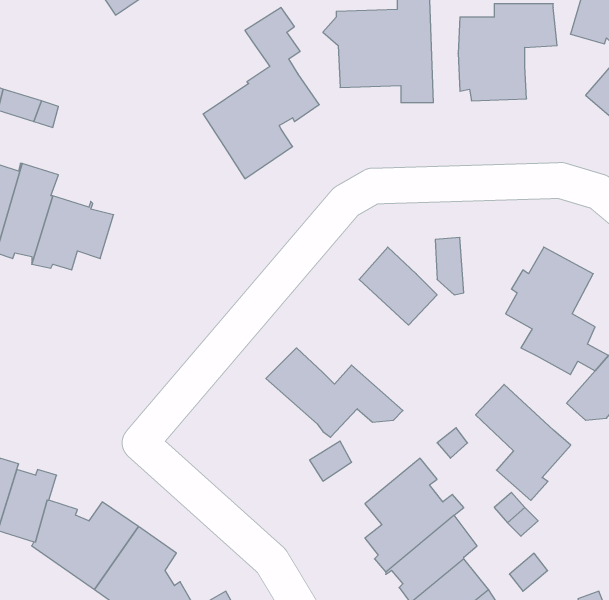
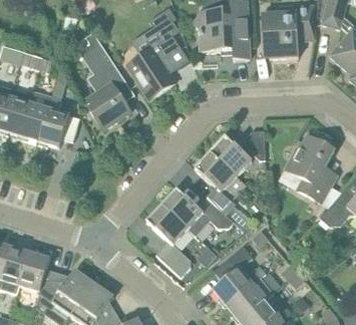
building: none -> [73,31,130,129]
building: none -> [145,204,189,276]
building: [476,384,571,500] -> [195,151,245,213]

